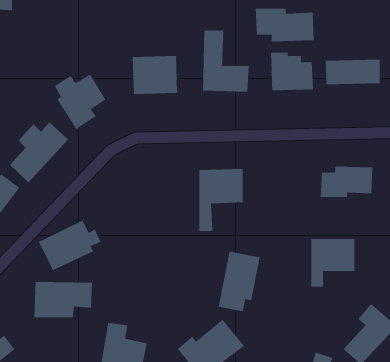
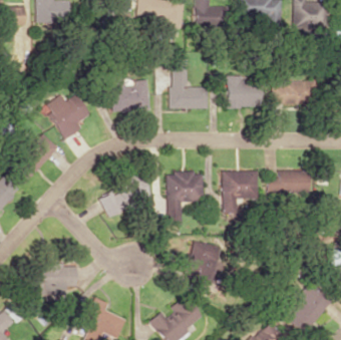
building: [255,8,314,42] -> none
building: [38,220,101,271] -> [97,178,149,220]
building: [310,239,355,287] -> [222,172,259,212]

